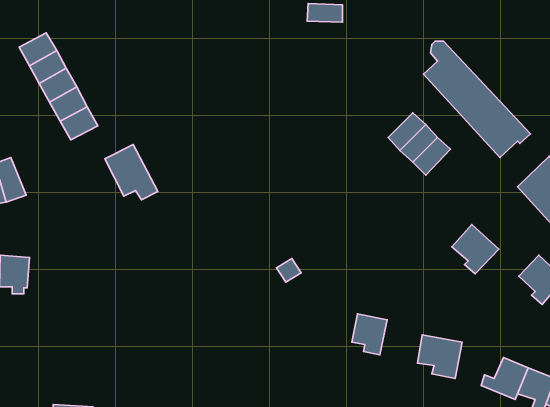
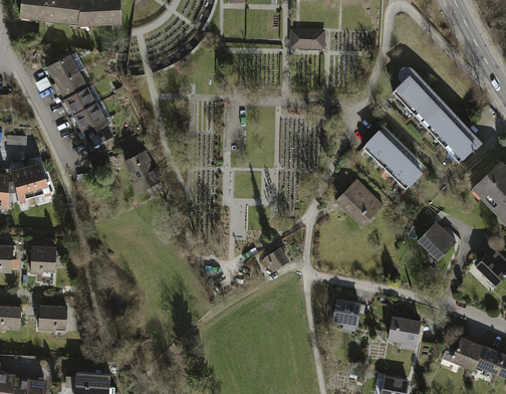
building: none -> [395,156,427,188]
building: none -> [334,179,383,226]
building: none -> [37,305,67,334]

